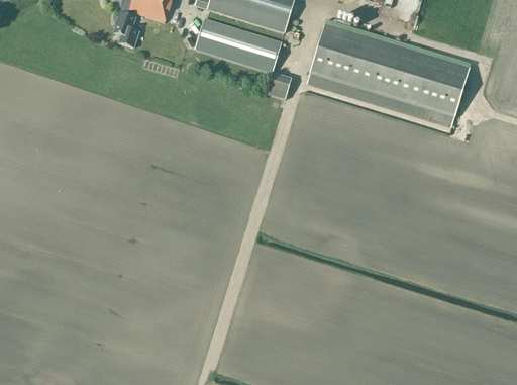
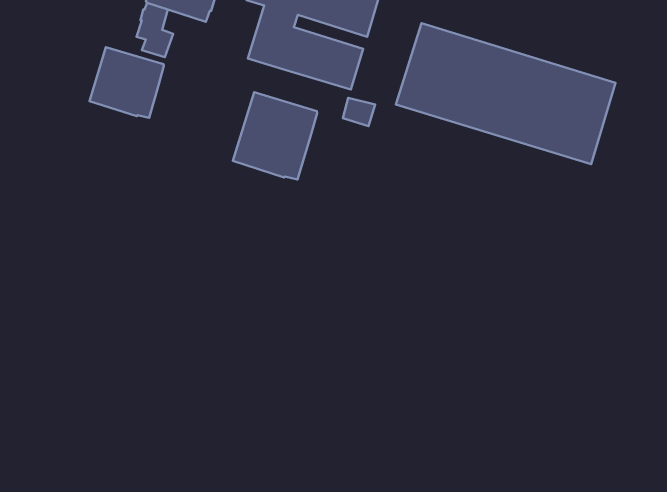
building: none -> [90,47,164,118]
building: none -> [233,92,317,179]

